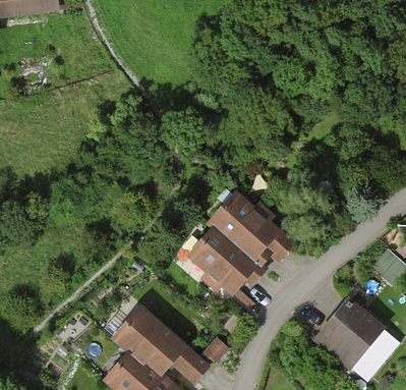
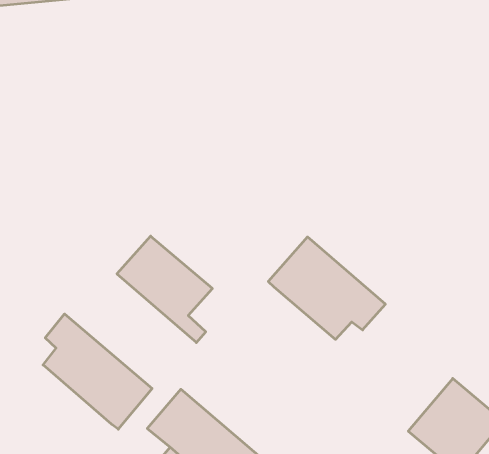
building: [186,228,258,309] -> [117,236,212,343]
building: none -> [43,314,152,429]

